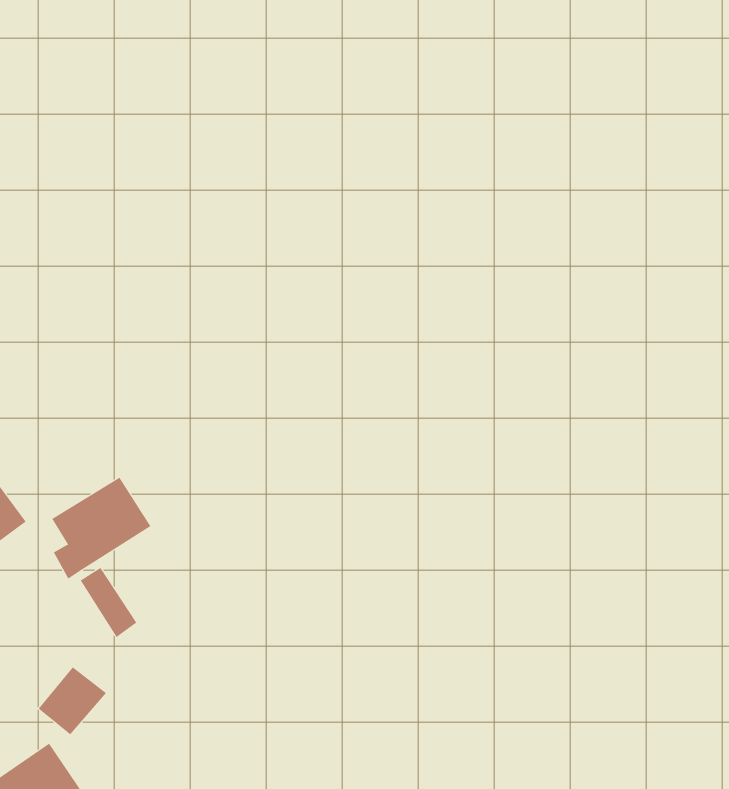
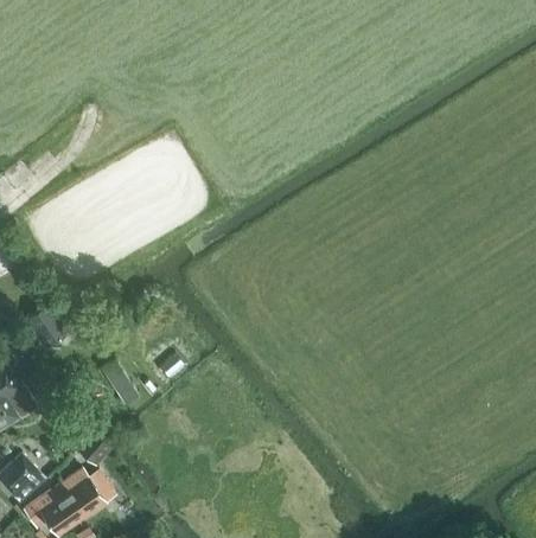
building: [52,477,151,580] -> none

